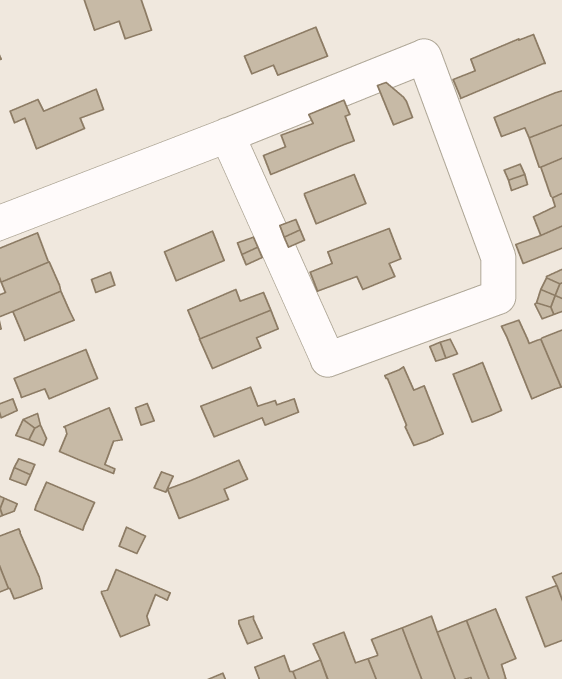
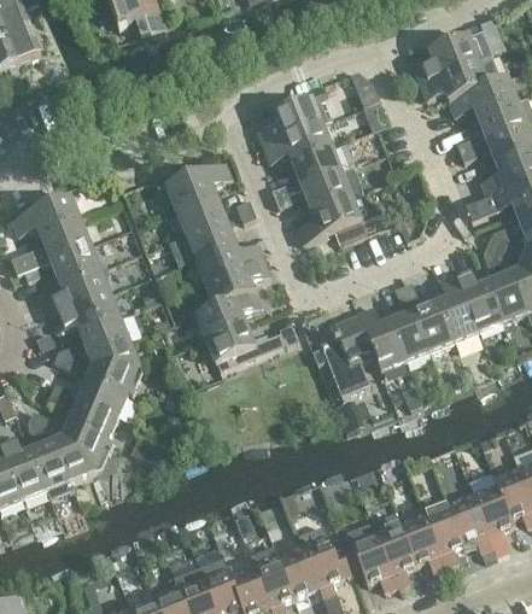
building: [244,27,328,75] -> [263,122,332,162]
building: none -> [420,54,498,99]
building: [10,89,104,149] -> [153,160,230,210]
building: none -> [300,165,363,210]
building: none -> [185,217,234,258]
building: none -> [46,267,110,315]
building: none -> [438,271,479,341]
building: none -> [390,311,429,361]
building: none -> [80,315,129,357]
building: none -> [312,315,375,394]
building: none -> [77,375,133,417]
building: [167,460,248,518] -> [195,290,262,338]
building: [102,570,170,637] -> [55,423,112,479]
building: none -> [449,496,493,554]

